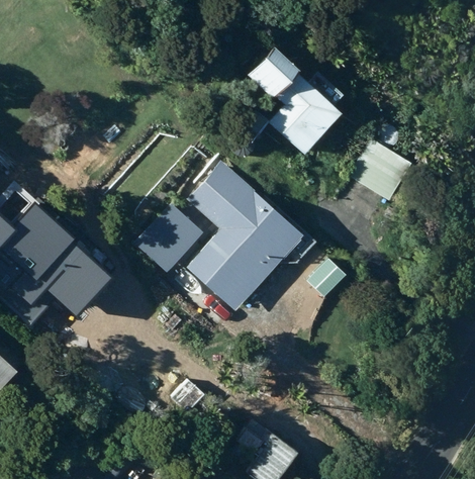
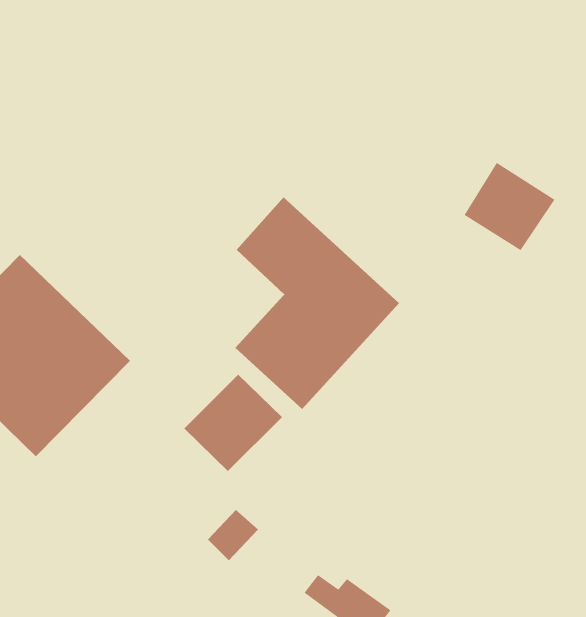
building: [248,46,344,155] -> none
building: [136,201,206,270] -> [183,374,283,472]

